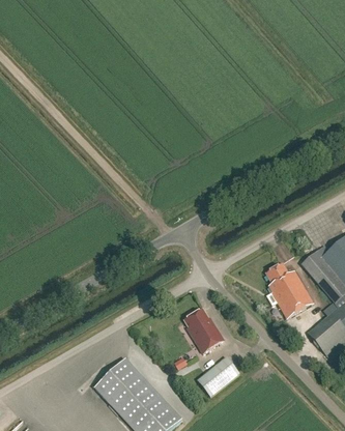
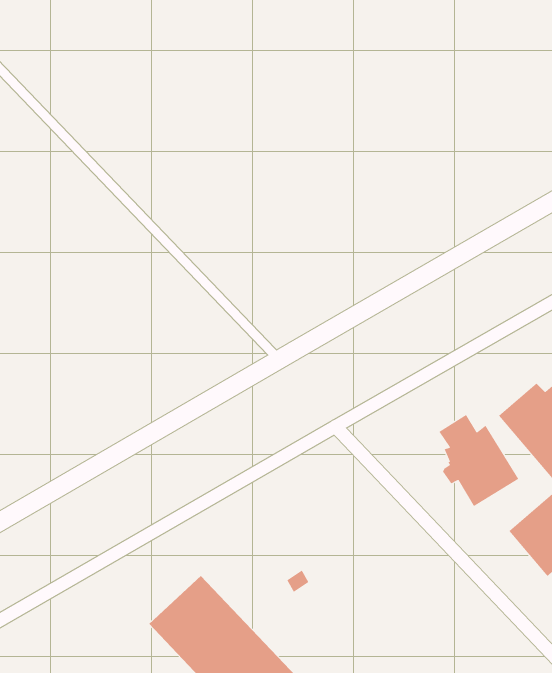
building: [183,308,224,352] -> none
building: [197,355,238,395] -> none

